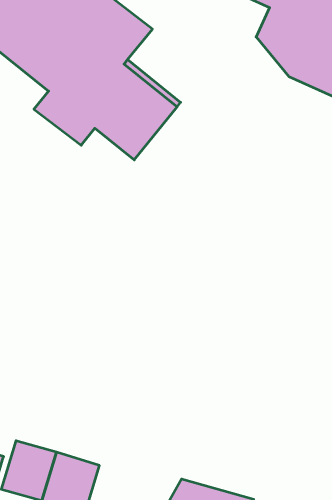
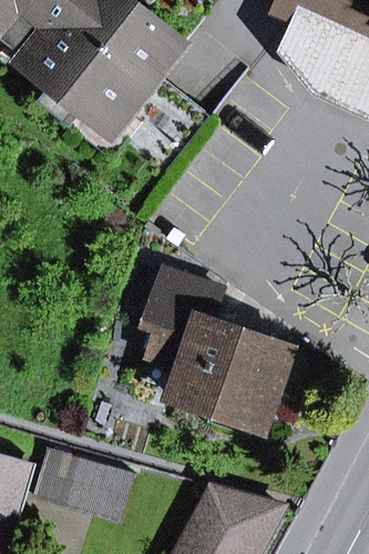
building: none -> [142,270,288,430]

